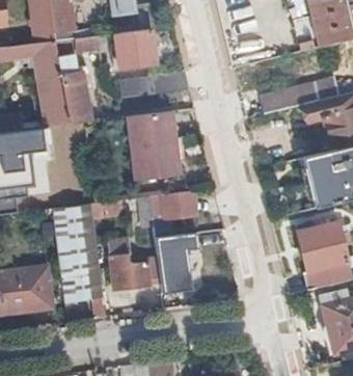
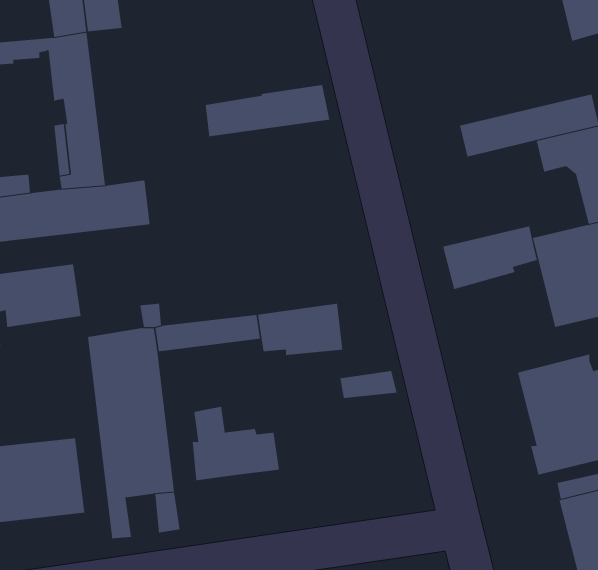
building: [114,29,155,68] -> none
building: [55,35,99,126] -> none
building: [128,111,181,181] -> none
building: none -> [442,225,537,290]
building: [155,235,187,294] -> none

